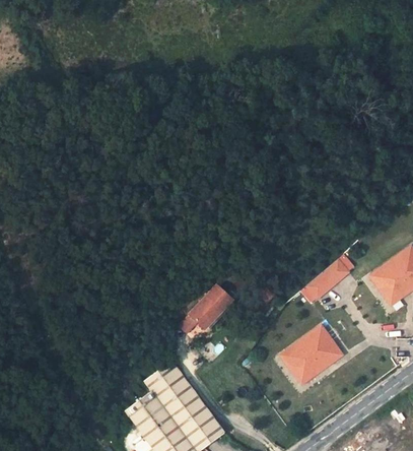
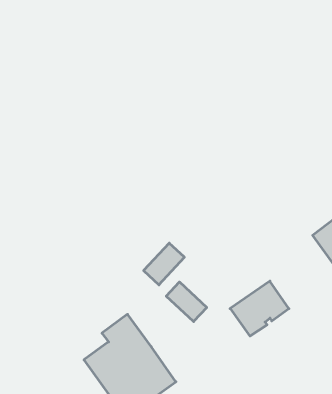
building: [308,259,350,299] -> none
building: none -> [166,282,207,322]

